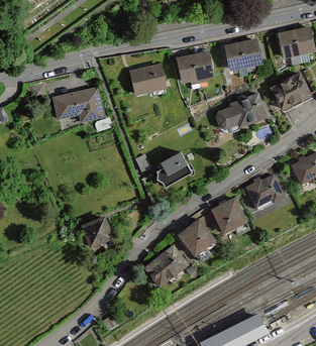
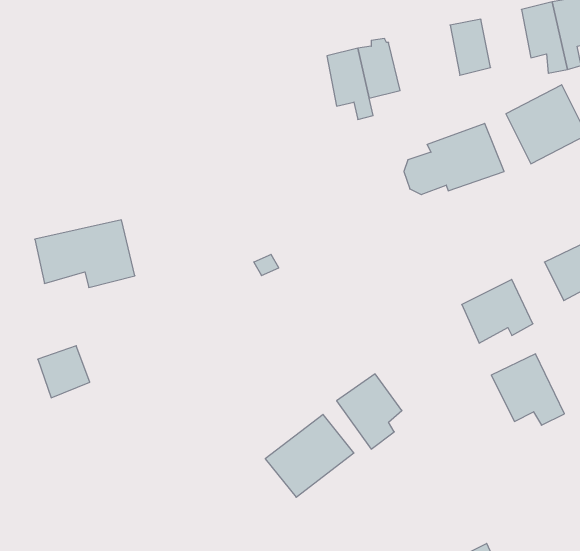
building: [223,40,247,77] -> none
building: [129,64,166,95] -> none
building: [52,87,105,122] -> [35,220,135,287]
building: [155,155,192,188] -> none
building: [212,199,250,236] -> [491,354,564,425]
building: [83,218,110,245] -> [38,346,90,398]

